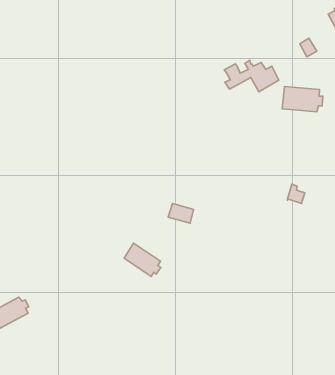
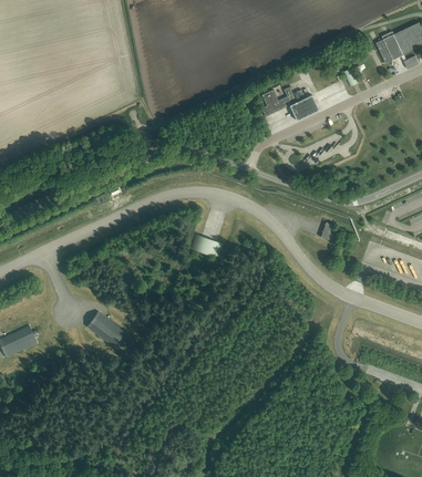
building: [282,86,323,112] -> none
building: [124,243,161,276] -> [86,311,125,348]

